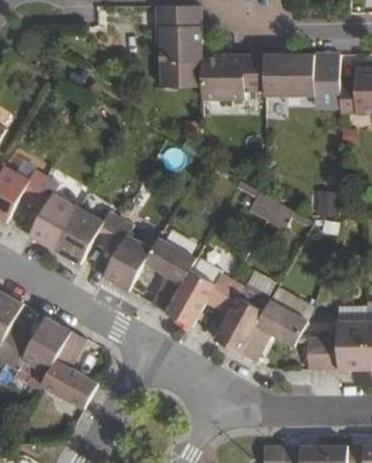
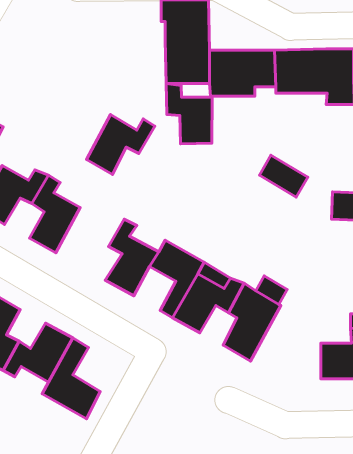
building: none -> [166,84,212,144]
building: [250,190,297,230] -> [259,155,308,197]
building: [54,205,120,263] -> [86,114,155,174]
building: [240,299,308,360] -> none

